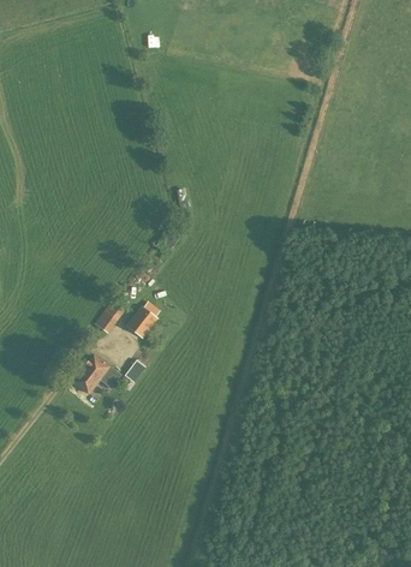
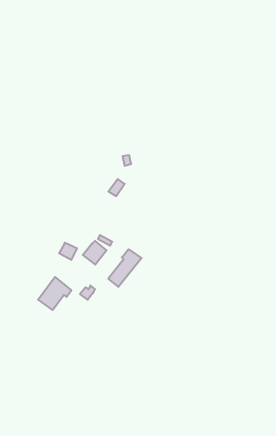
building: none -> [108,249,142,287]

